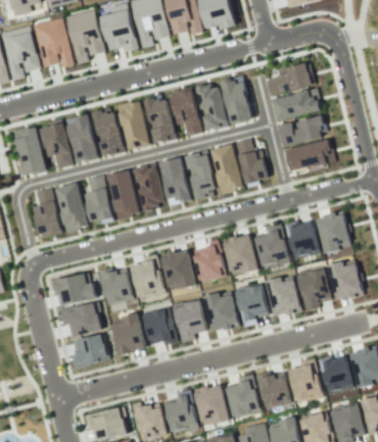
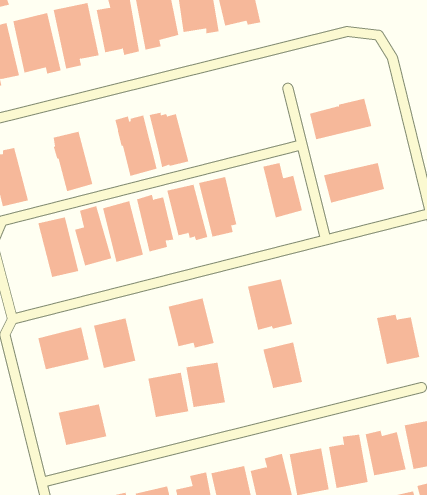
building: [266,61,315,94] -> none
building: [220,78,250,121] -> none
building: [195,83,226,129] -> none
building: [169,87,200,135] -> none
building: [91,106,123,156] -> none
building: [278,113,325,147] -> none
building: [39,118,72,167] -> none
building: [208,144,242,192] -> none
building: [30,188,60,236] -> none
building: [317,211,352,253] -> none
building: [289,222,319,255] -> none
building: [255,224,291,266] -> none
building: [194,239,222,277] -> none
building: [130,254,163,297] -> none
building: [264,267,332,316] -> none
building: [202,291,238,332] -> none
building: [59,301,102,337] -> none
building: [111,312,145,354] -> none

